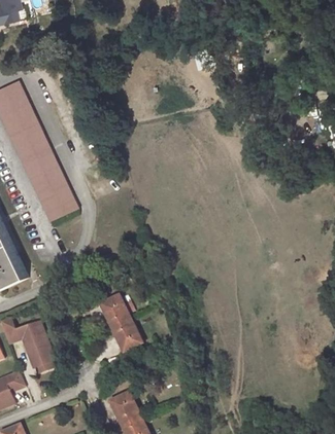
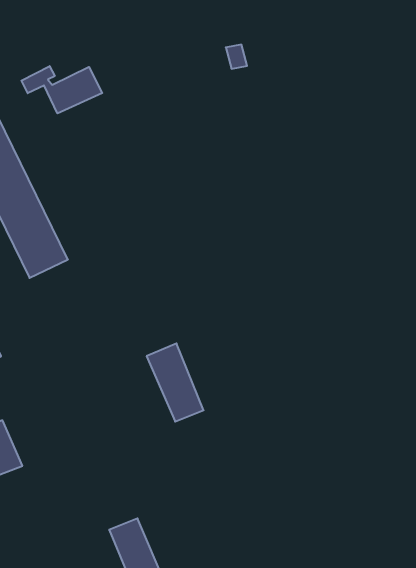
building: none -> [21,66,102,113]
building: [101,295,142,352] -> [147,343,204,422]

